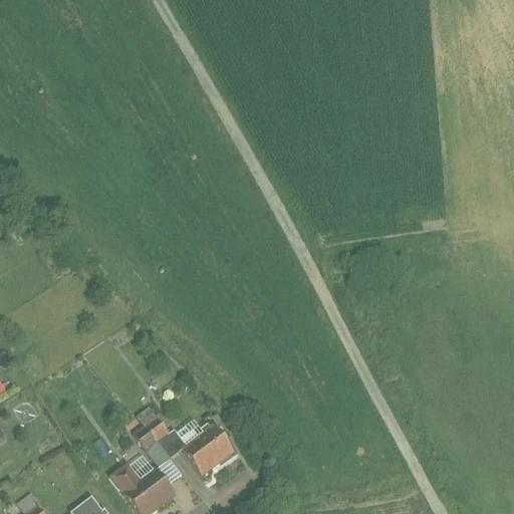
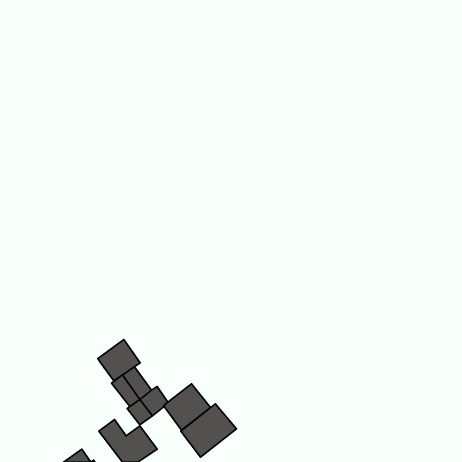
building: none -> [98,339,140,381]
building: none -> [181,404,236,457]

